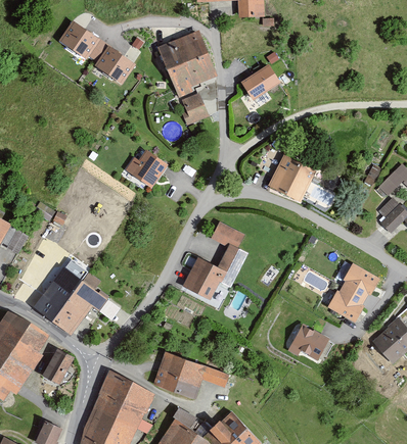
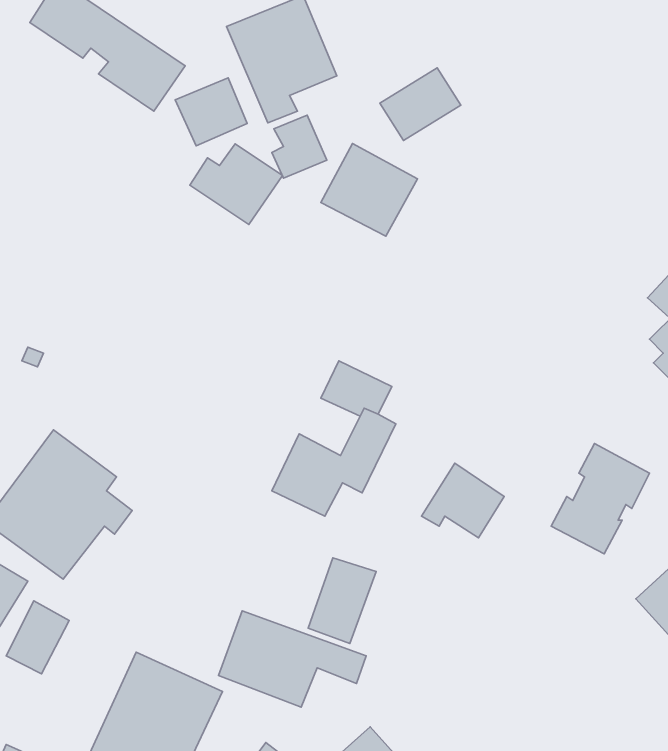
building: none -> [175,78,247,146]
building: [124,147,172,189] -> [190,144,282,225]
building: [268,152,318,200] -> [321,144,417,236]
building: none -> [308,558,376,644]
building: [284,326,327,364] -> [421,463,504,538]

